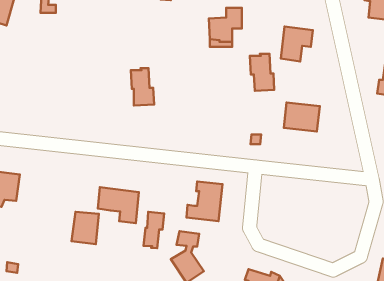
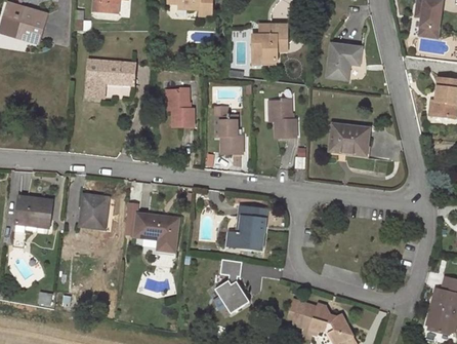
building: none -> [86,59,134,98]
building: [250,54,274,91] -> [271,99,296,138]
building: none -> [218,114,242,153]
building: [71,212,99,244] -> [79,194,108,228]
building: [144,212,164,248] -> none

